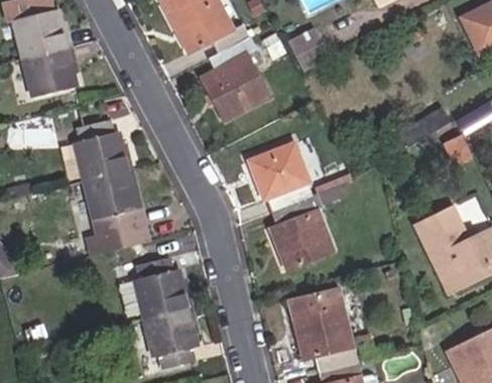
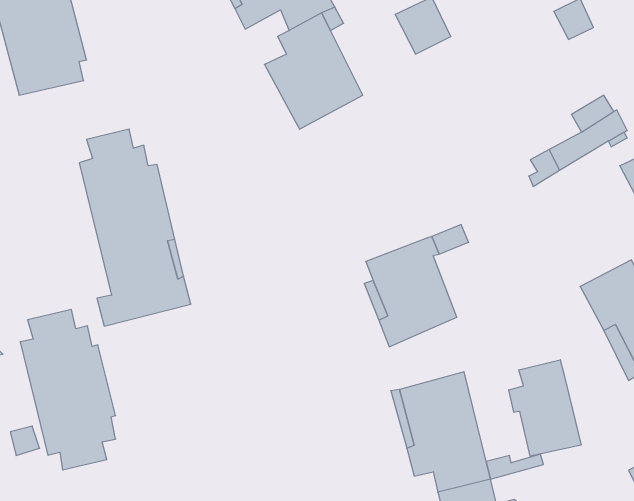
building: [247,143,312,211] -> none
building: [132,258,198,368] -> [20,310,116,470]
building: none -> [509,360,581,456]

